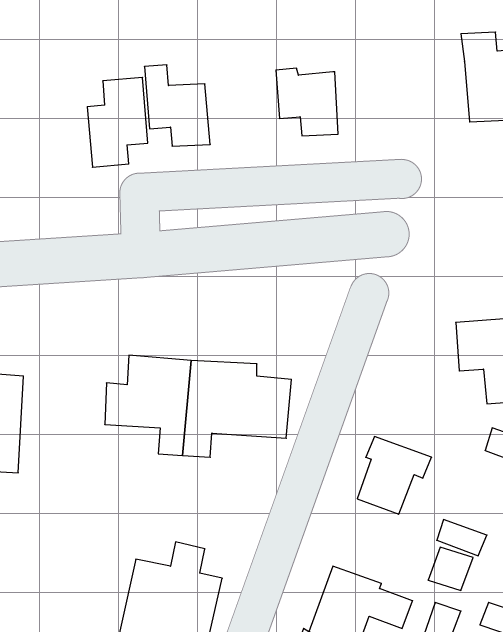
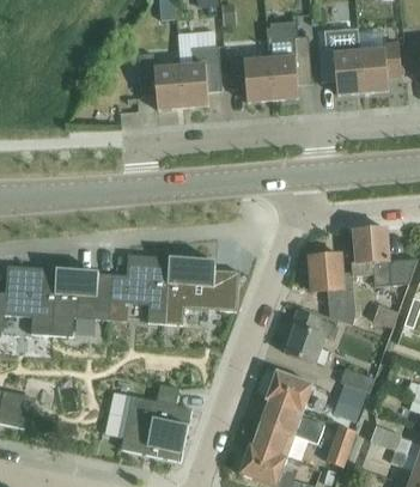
building: none -> [266,26,311,101]
building: none -> [318,30,363,95]
building: [87,77,148,167] -> [179,45,221,108]
building: none -> [309,254,354,324]
building: none -> [50,268,111,336]
building: none -> [263,369,312,412]

